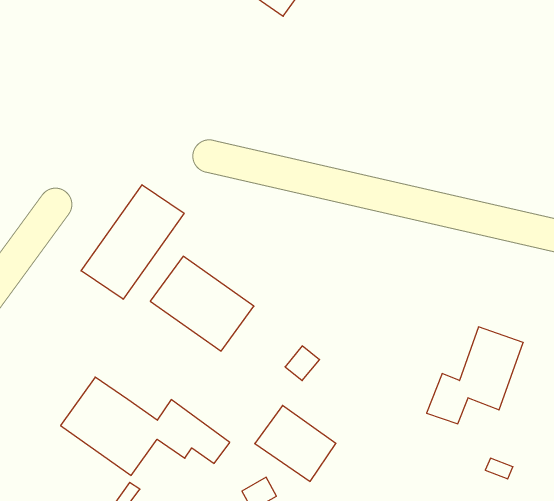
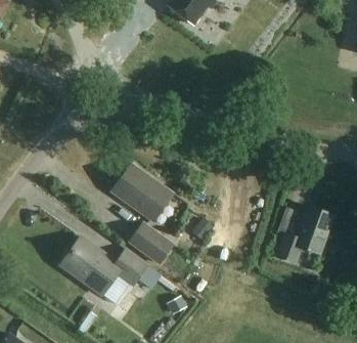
building: [81,185,184,299] -> none
building: [255,405,336,481] -> [127,220,175,265]

